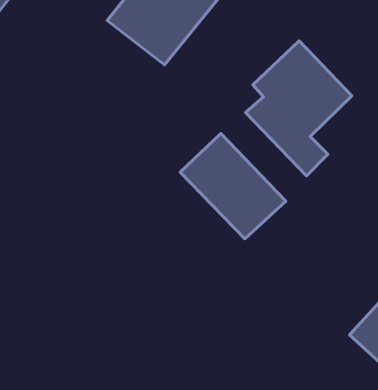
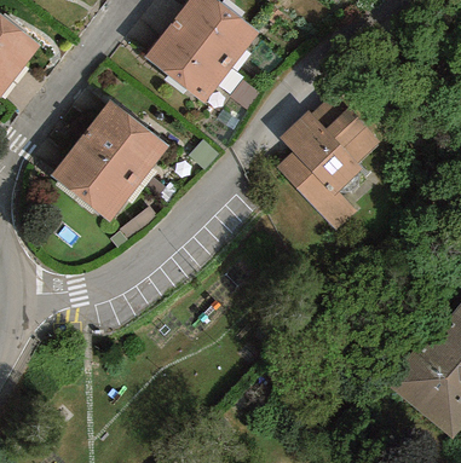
building: none -> [48,98,169,222]
building: [180,134,286,239] -> none

